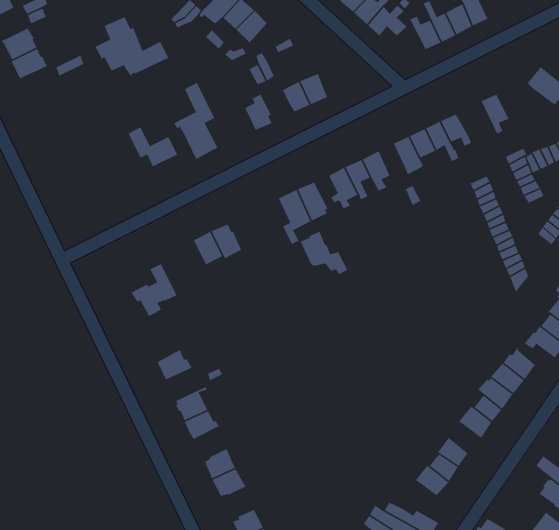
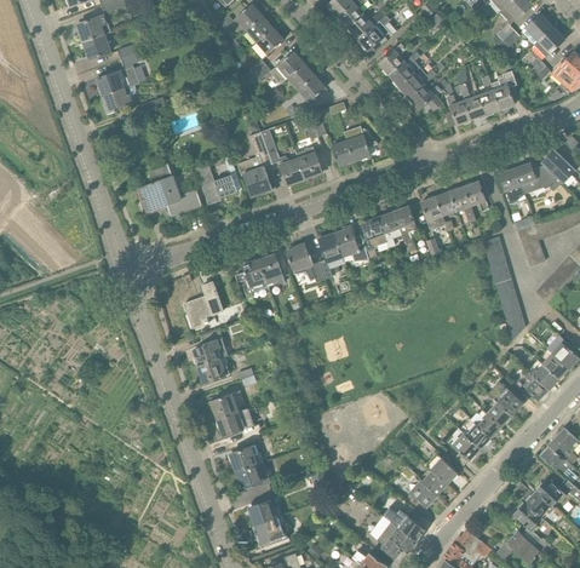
building: [94,16,169,77] -> [139,165,202,217]
building: none -> [515,162,562,195]
building: none -> [265,140,305,184]
building: [300,231,348,275] -> [287,242,326,282]
building: none -> [194,331,222,366]

